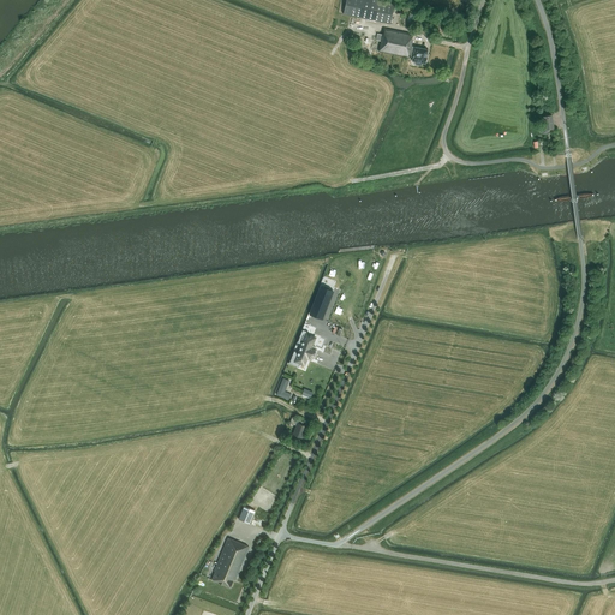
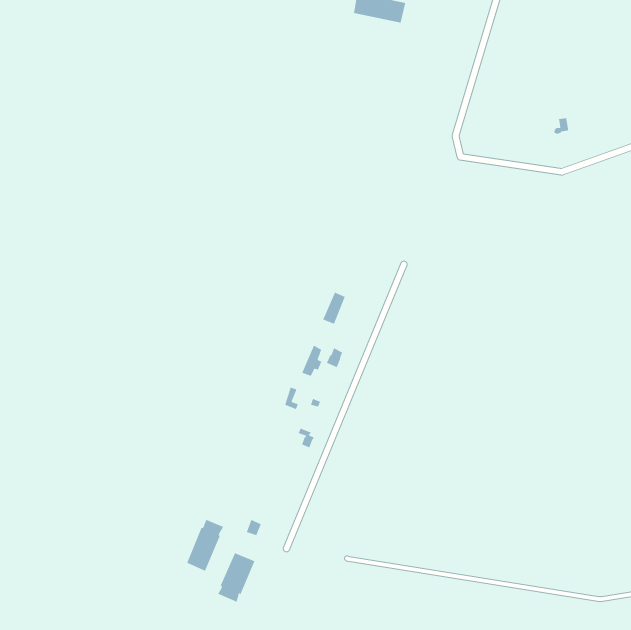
building: [376,28,428,64] -> none
building: none -> [186,519,224,572]

